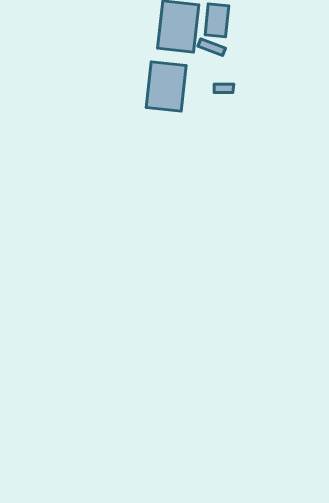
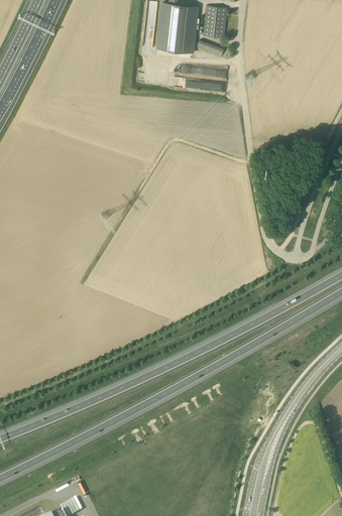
building: [146,62,186,111] -> none

